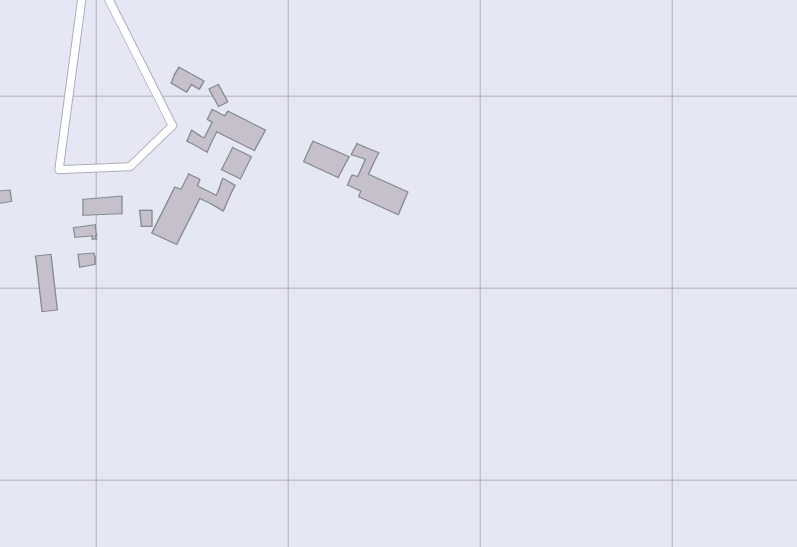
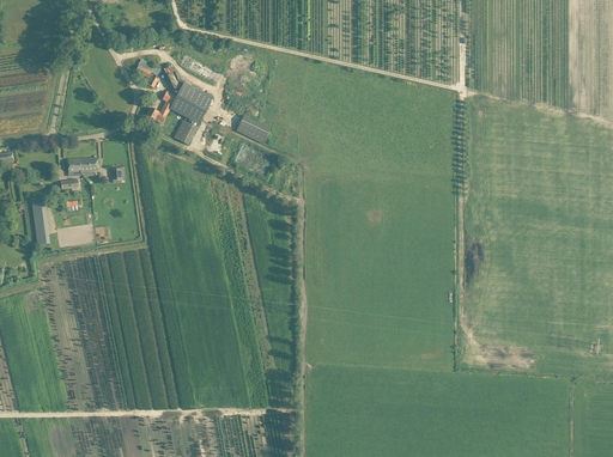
building: [348,143,408,215] -> none
building: [152,174,235,245] -> none

